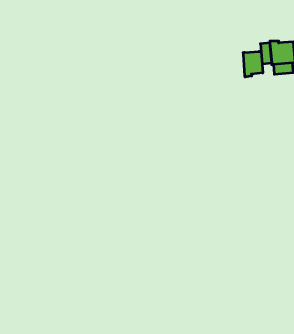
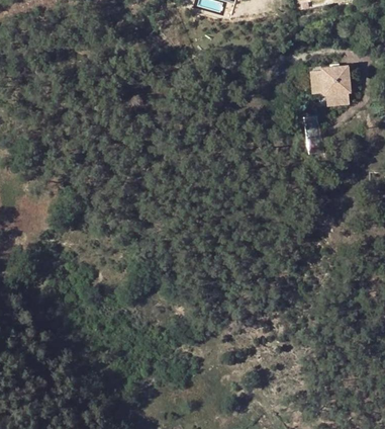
building: [243,51,263,77] -> none

